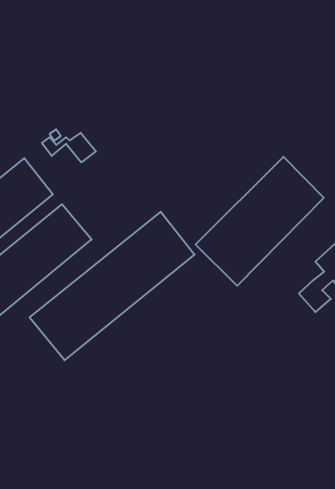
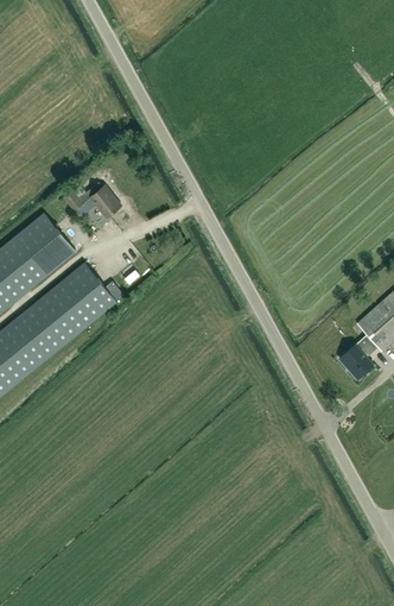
building: [196,157,324,286] -> none
building: [30,212,195,360] -> none

